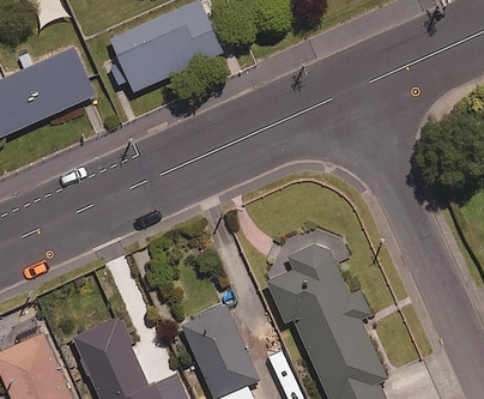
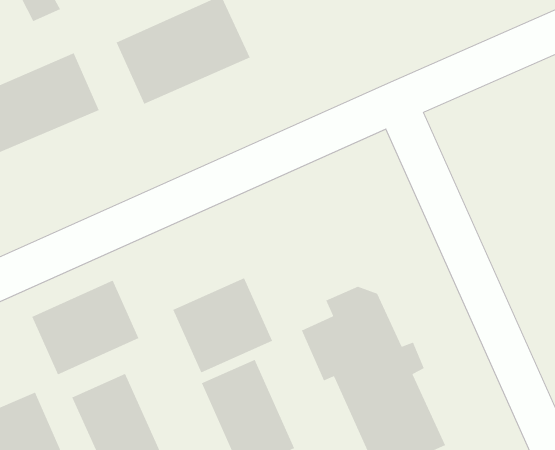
building: none -> [172,277,273,373]
building: none -> [31,279,140,376]

